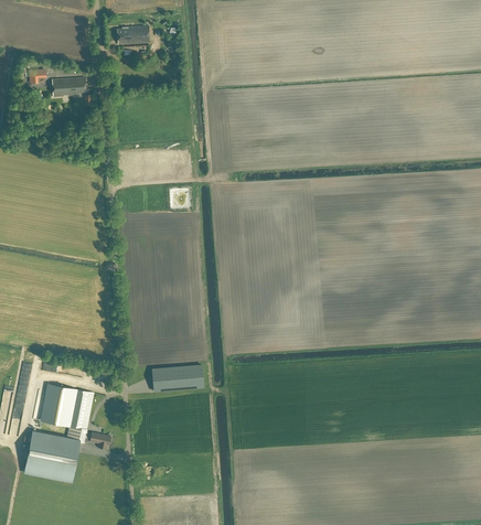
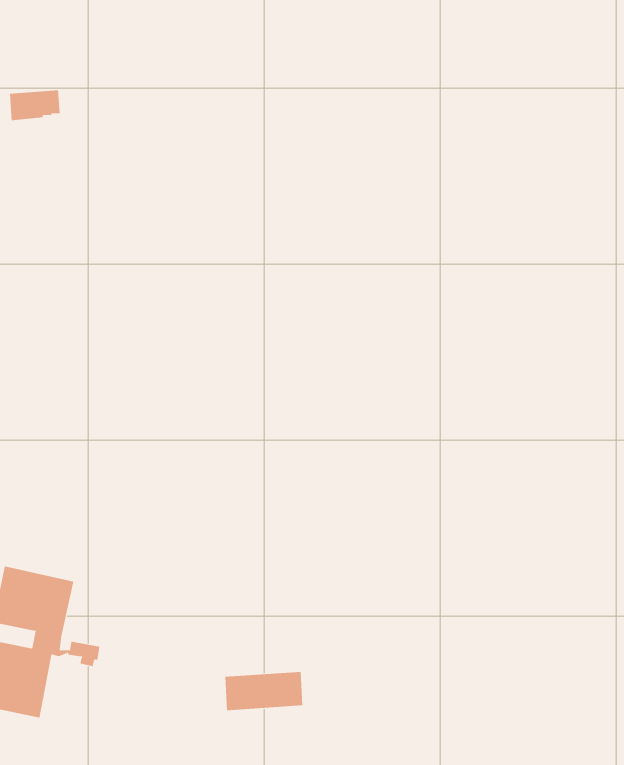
building: [117,25,149,44] -> none
building: [152,365,203,390] -> [224,671,303,711]

